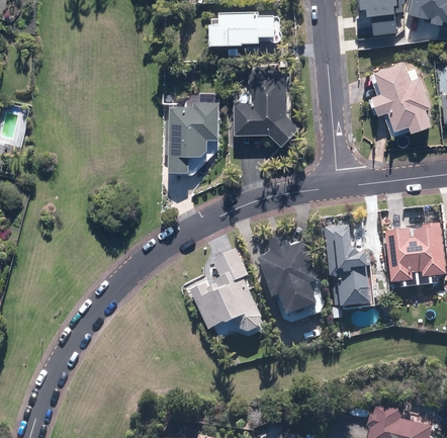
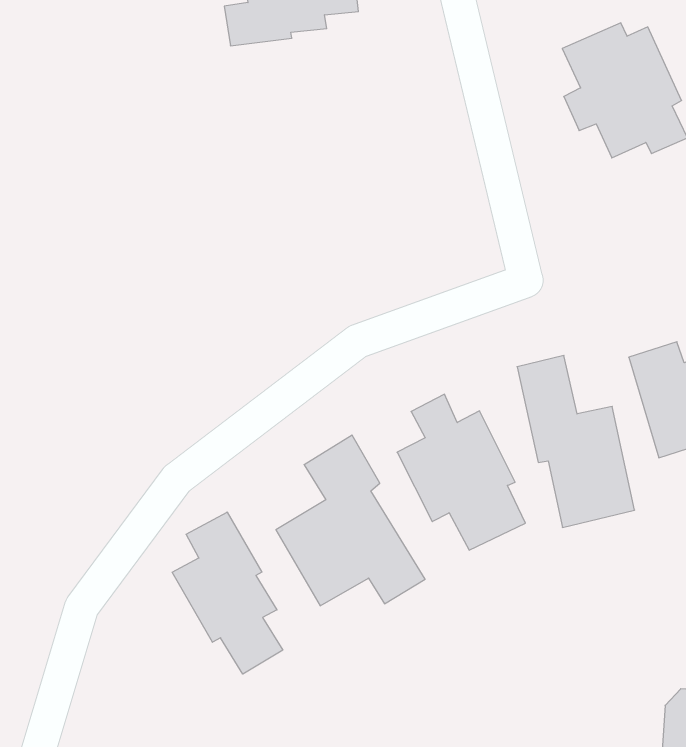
building: [235,68,298,150] -> none
building: [167,100,219,174] -> none
building: none -> [172,512,283,674]

